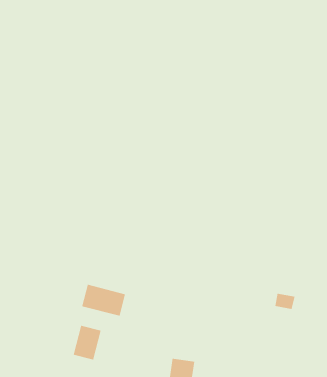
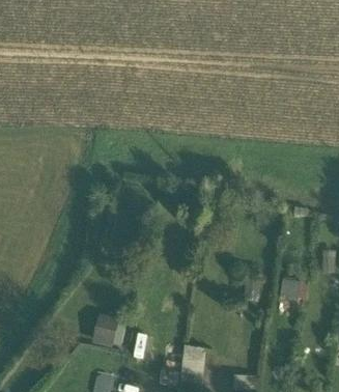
building: [82,284,126,317] -> none

